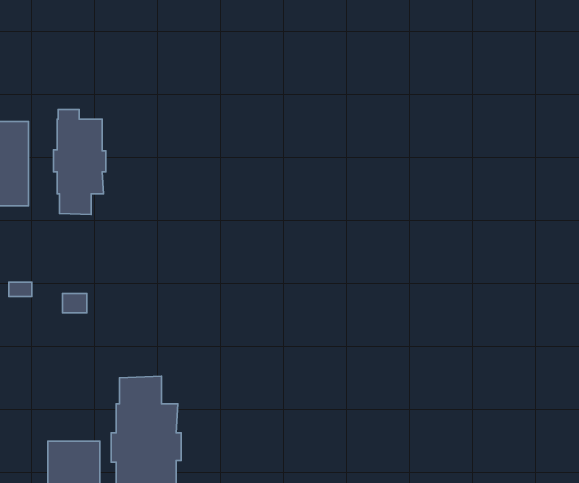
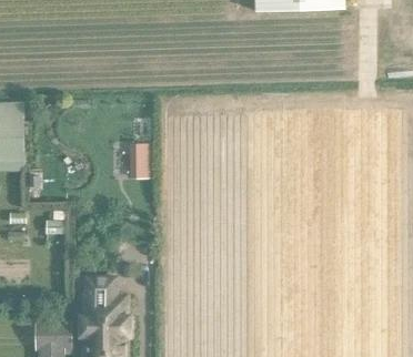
building: [53,109,106,215] -> none
building: none -> [131,142,151,176]

